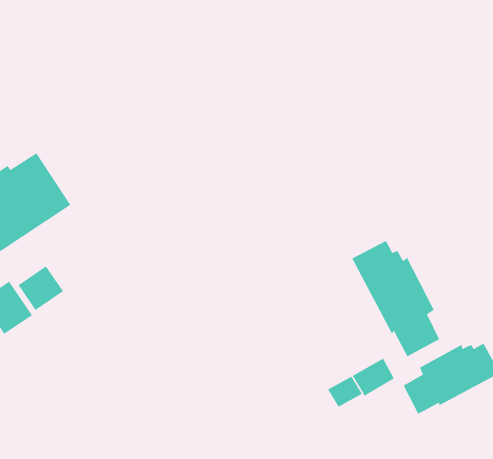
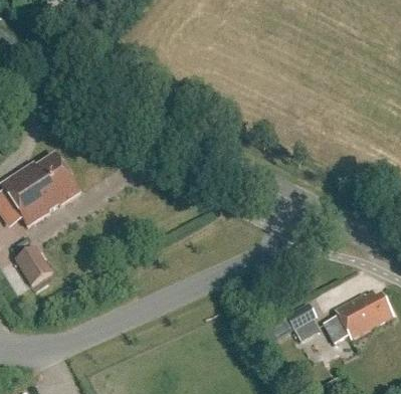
building: [351,240,440,357] -> none
building: [18,266,64,311] -> none

